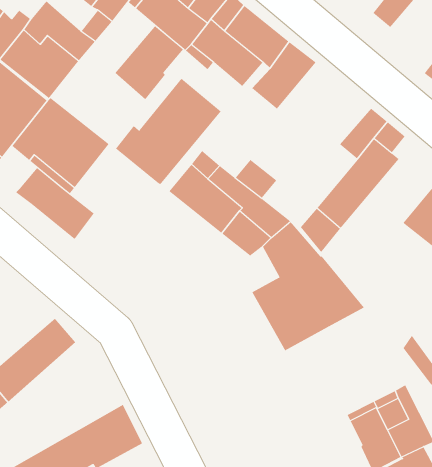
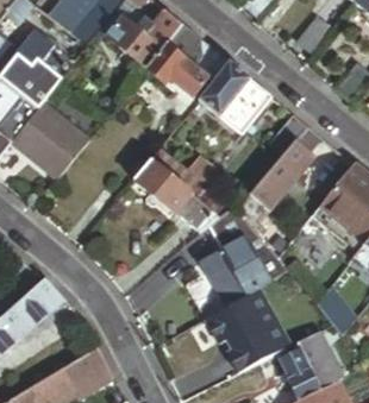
building: [115,25,184,100] -> none
building: none -> [220,78,271,132]
building: [115,78,221,185] -> none
building: [15,167,95,240] -> none
building: none -> [196,286,287,371]

